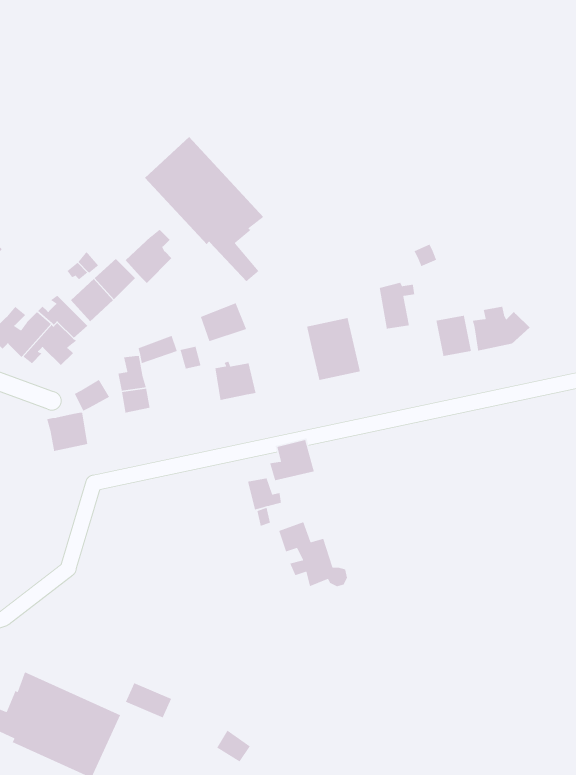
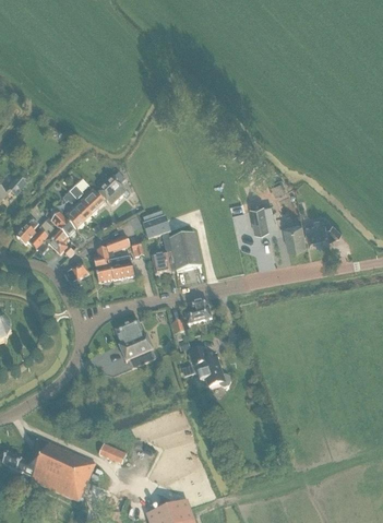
building: [144,136,264,282] -> none
building: [306,317,361,381] -> [168,231,201,270]
building: [46,412,88,452] -> [108,254,133,278]
building: none -> [115,319,153,364]

